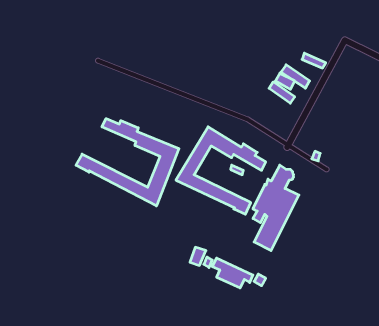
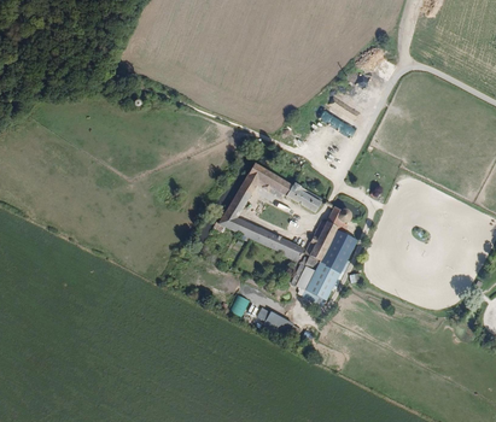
building: [76,119,179,206] -> none

